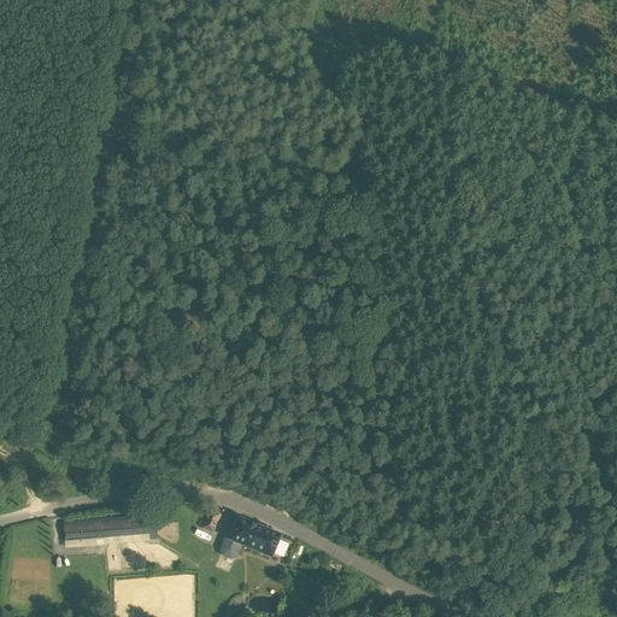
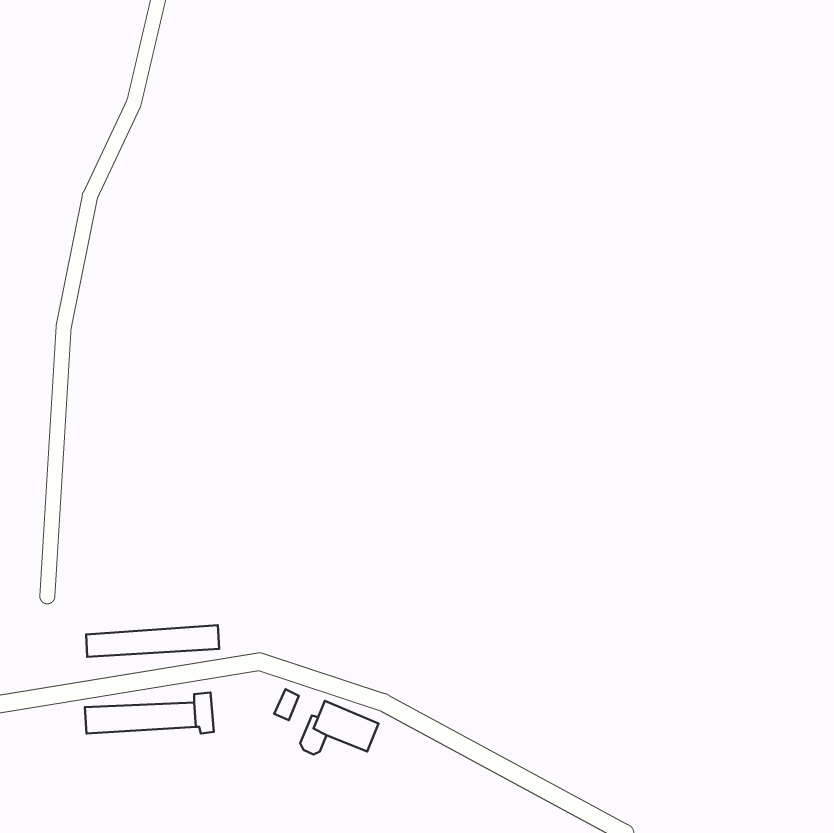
building: none -> [86,625,219,657]

